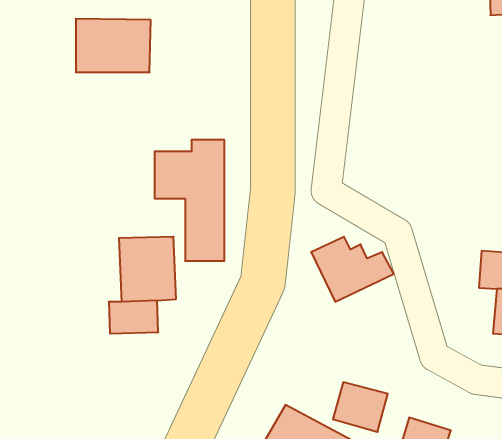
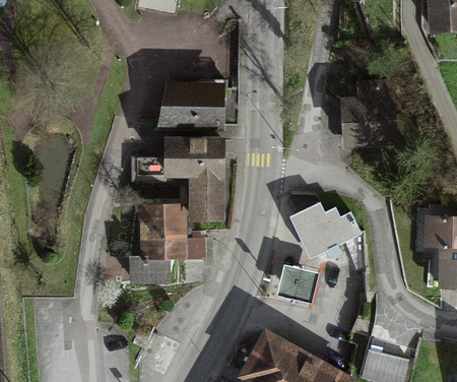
building: [76,19,151,72] -> [164,84,223,127]
building: none -> [343,82,393,147]
building: [333,382,388,432] -> [271,257,315,297]

